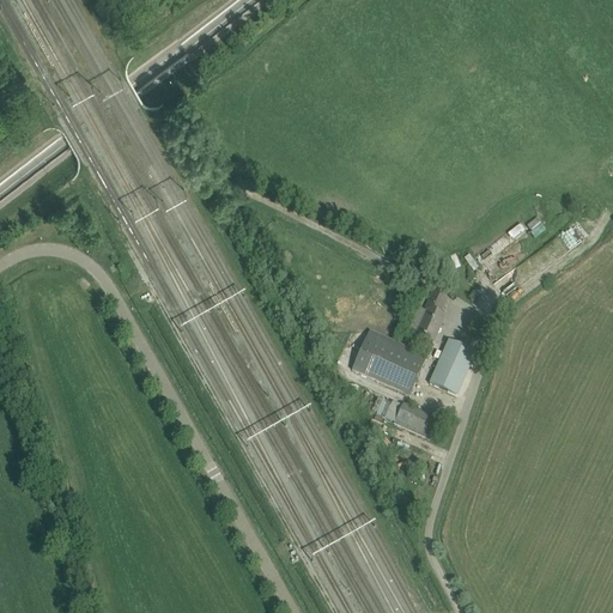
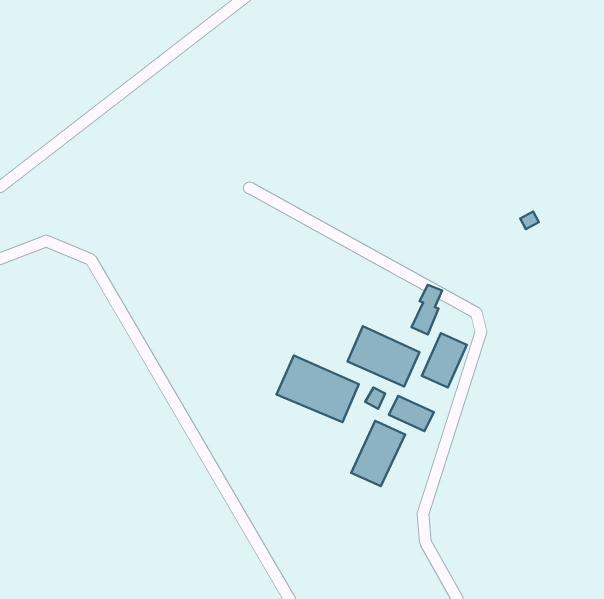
building: none -> [276,356,359,422]
building: none -> [351,421,405,486]

